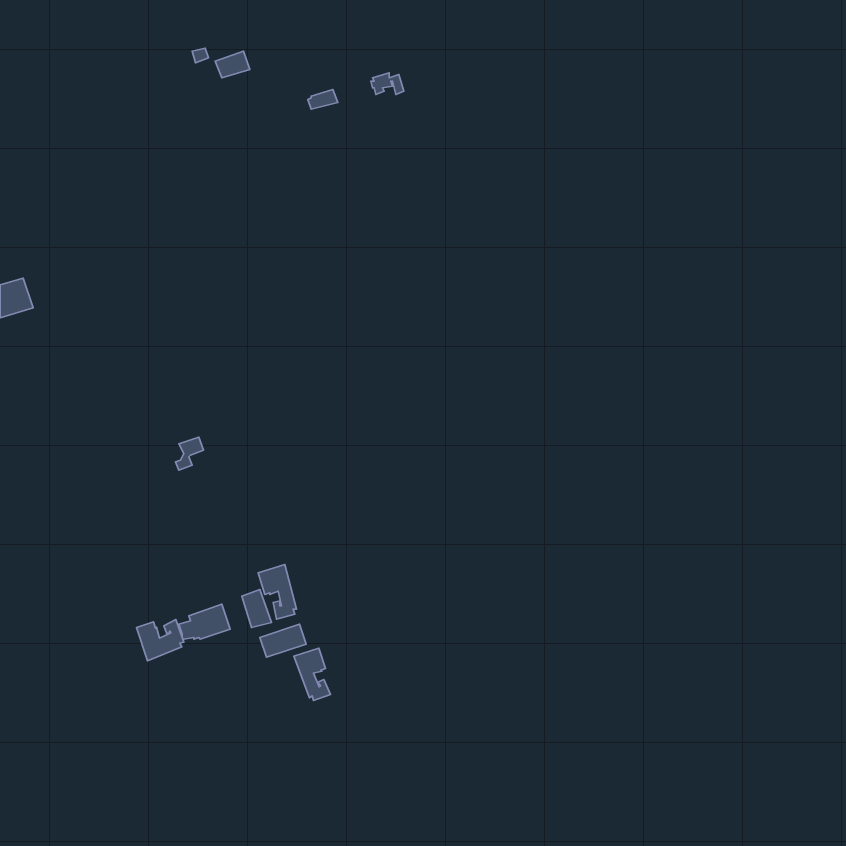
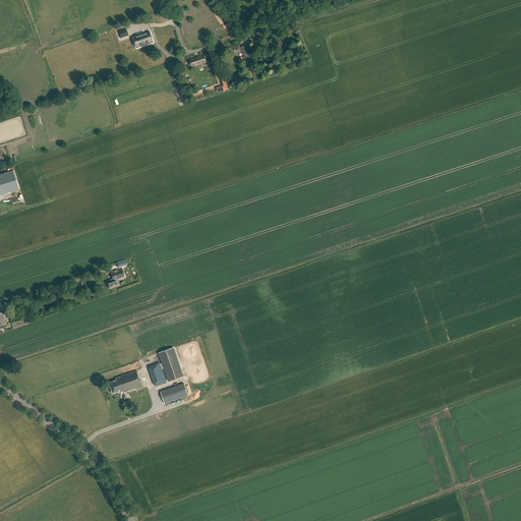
building: [137,620,184,661] -> none
building: [294,648,330,701] -> none

